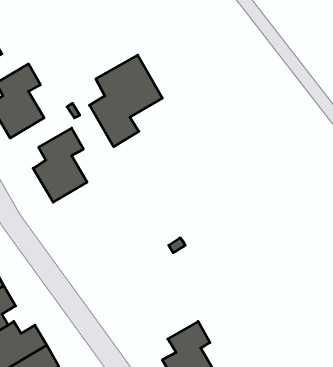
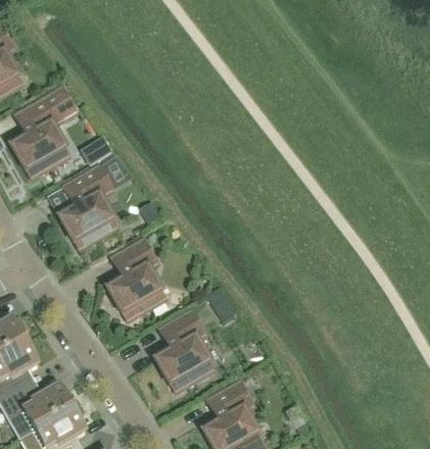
building: [89,55,162,147] -> none
building: none -> [106,239,166,319]
building: none -> [154,310,214,390]

